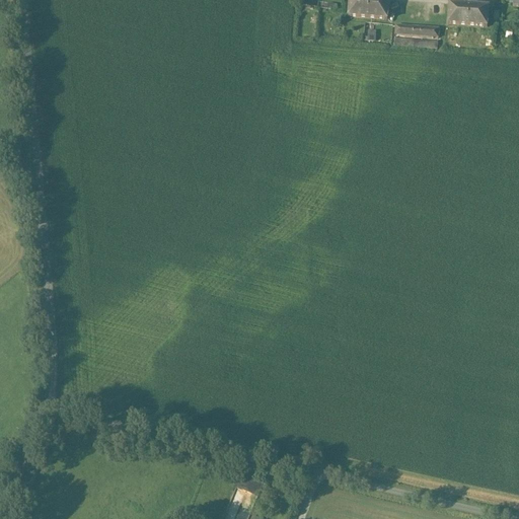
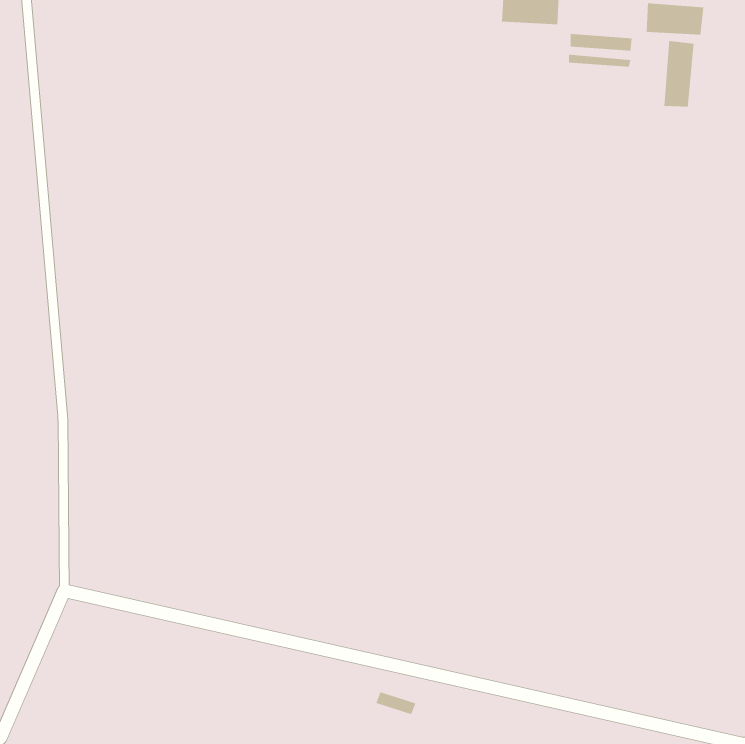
building: none -> [664,40,694,108]

